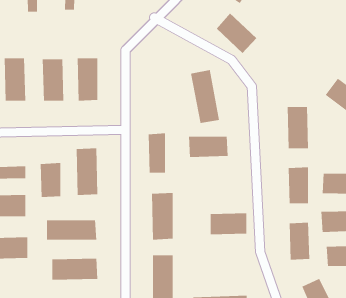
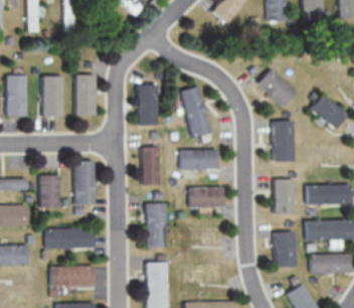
building: [216,13,257,54] -> [258,68,298,108]
building: none -> [138,85,158,126]
building: [210,213,247,235] -> [189,187,224,208]

